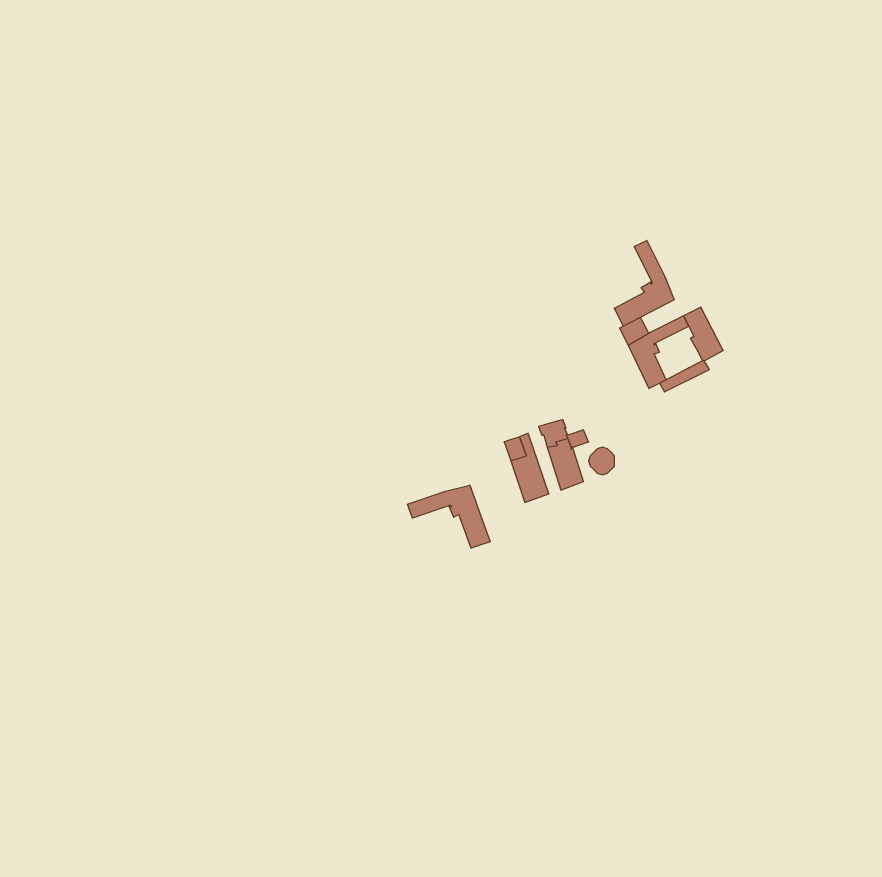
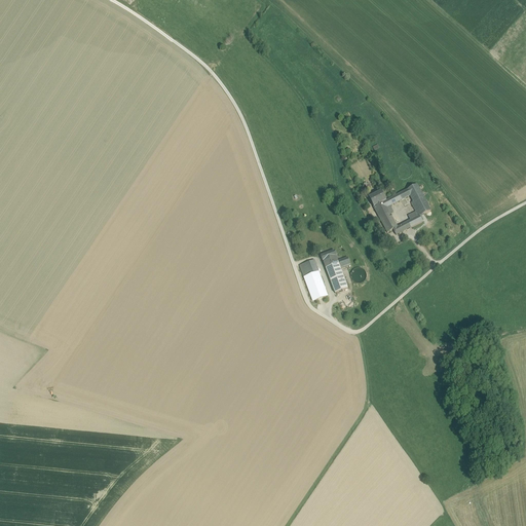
building: [614,240,674,326] -> none
building: [408,485,490,548] -> none

